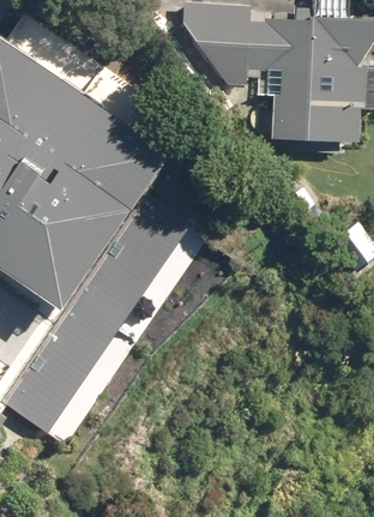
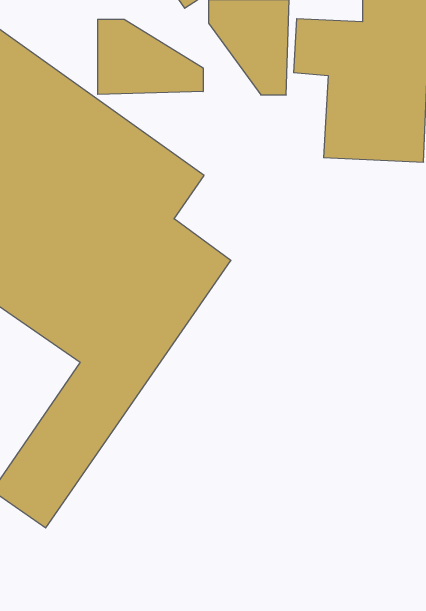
building: none -> [98,19,203,94]

